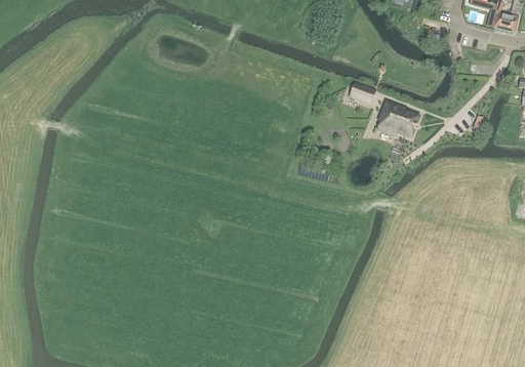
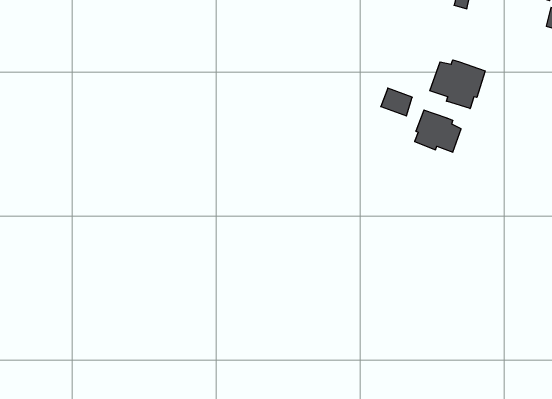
building: none -> [430,60,485,109]

